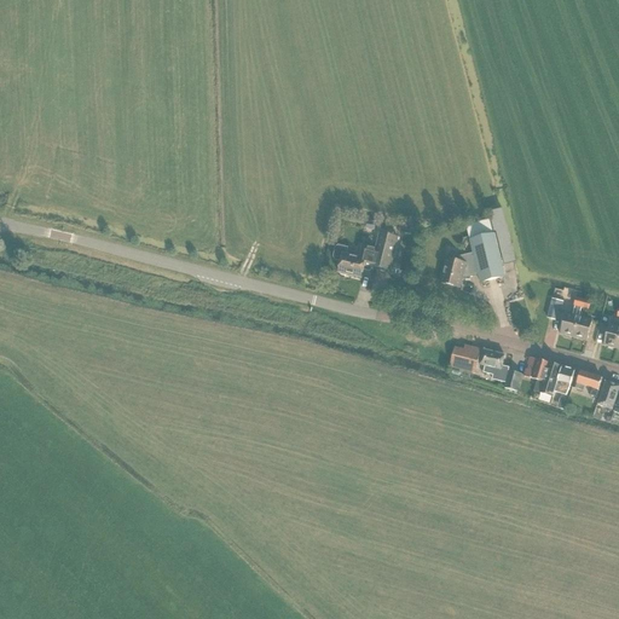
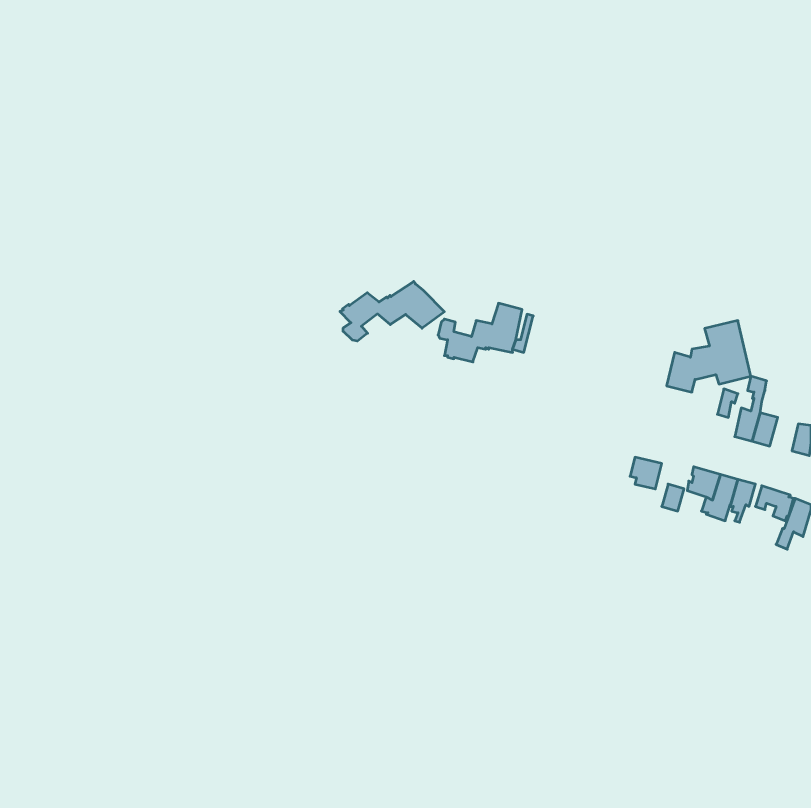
building: none -> [340,281,444,341]
building: [440,232,504,287] -> [667,321,751,392]
building: [450,343,481,371] -> none

